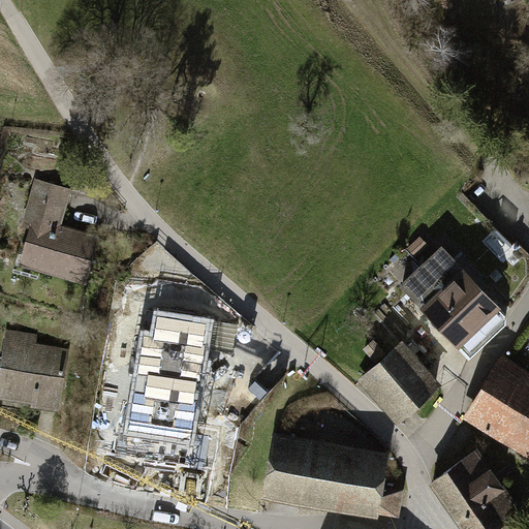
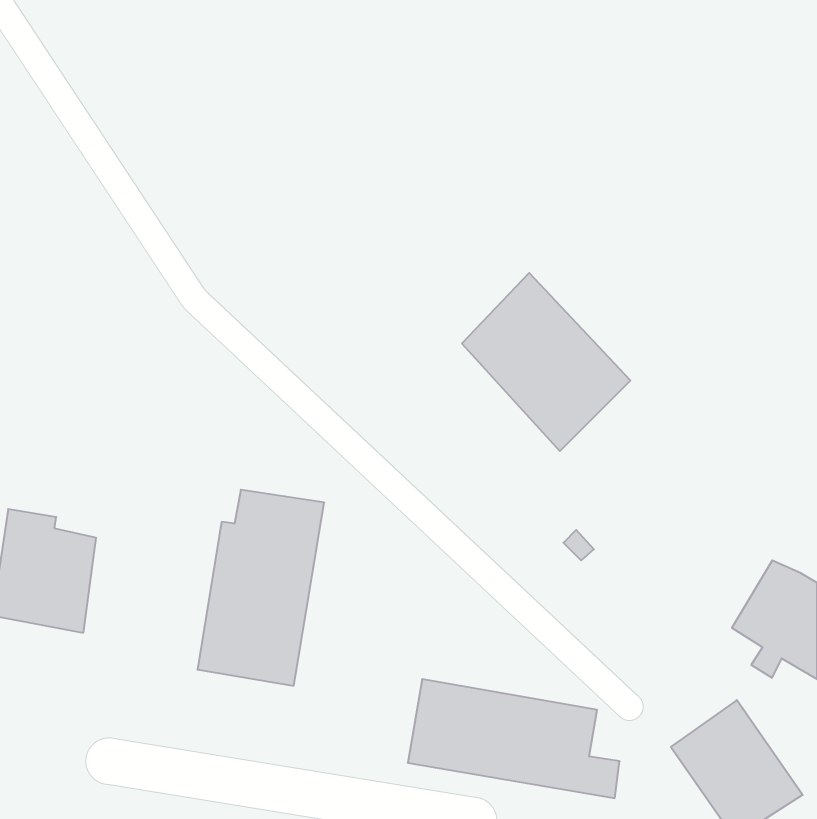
building: [12,183,101,291] -> none
building: [402,241,510,355] -> [462,273,630,451]
building: [363,348,433,418] -> none

